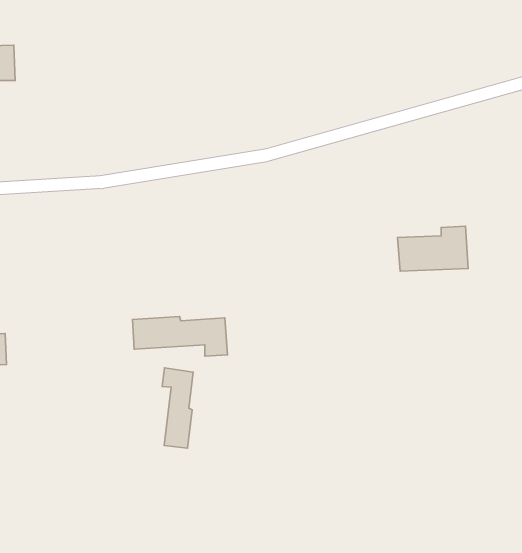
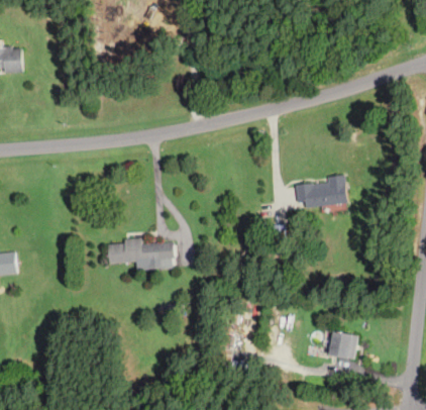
building: [162,368,193,448] -> none
building: none -> [327,331,357,361]

